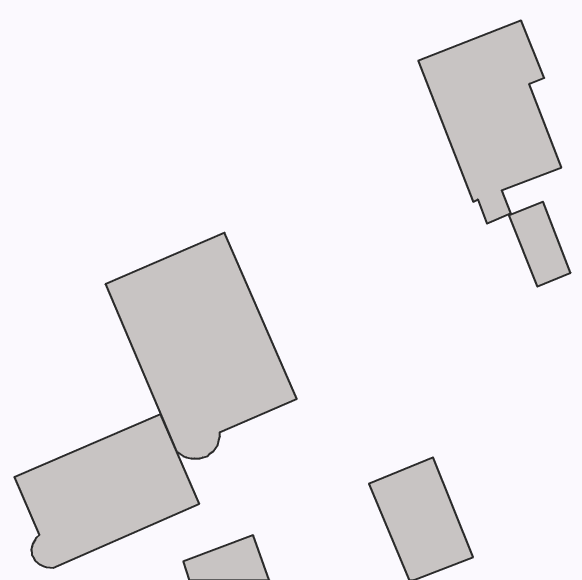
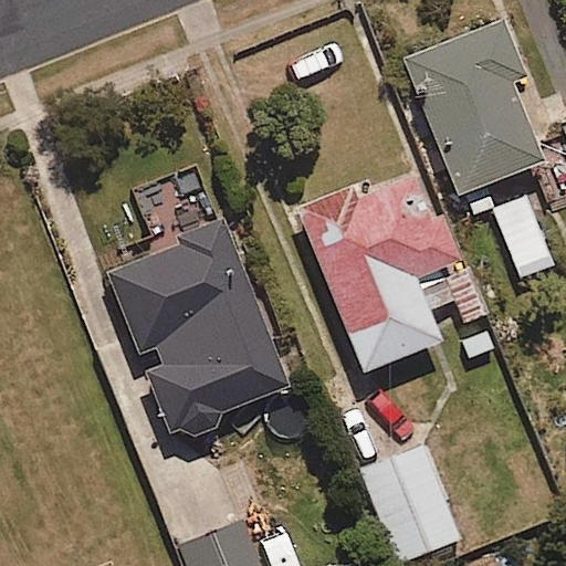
building: none -> [291,172,484,375]
building: [14,414,199,568] -> none

